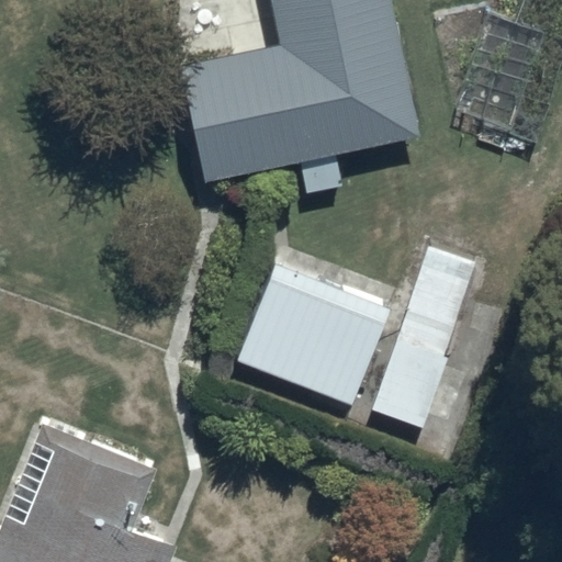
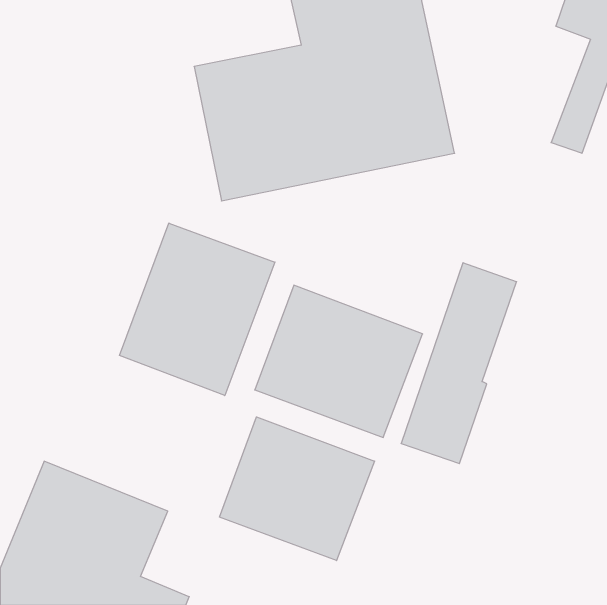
building: none -> [120,223,275,396]
building: none -> [220,417,375,561]

